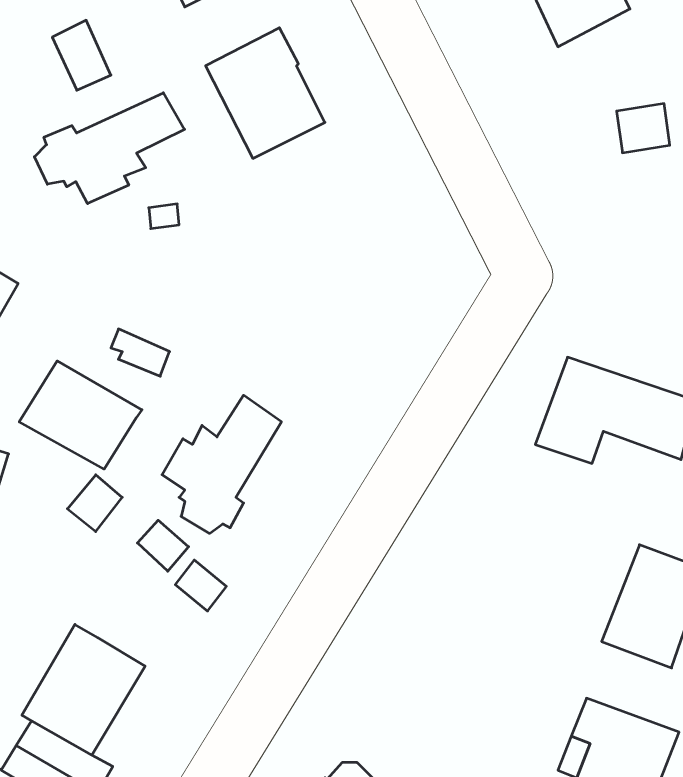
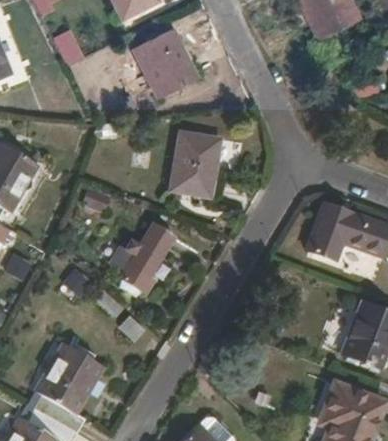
building: [34,93,185,204] -> none
building: none -> [170,131,219,196]
building: [19,361,142,469] -> none

